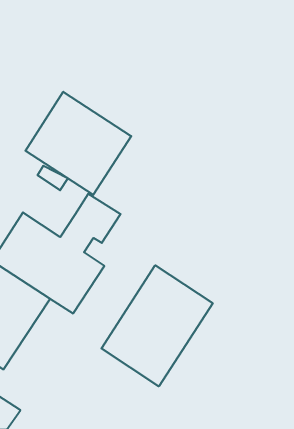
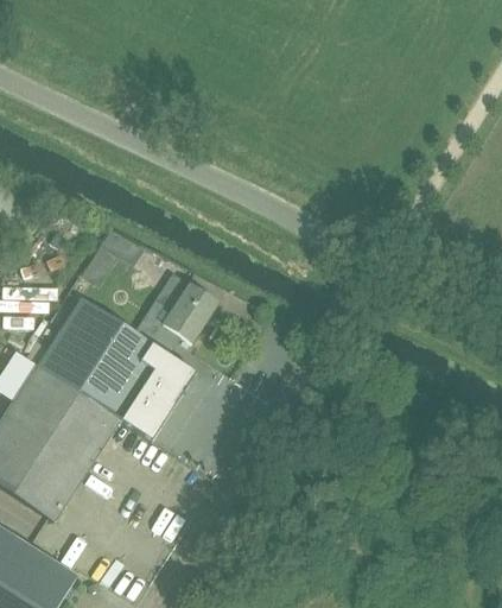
building: [25,92,131,195] -> none
building: [101,265,213,386] -> none

